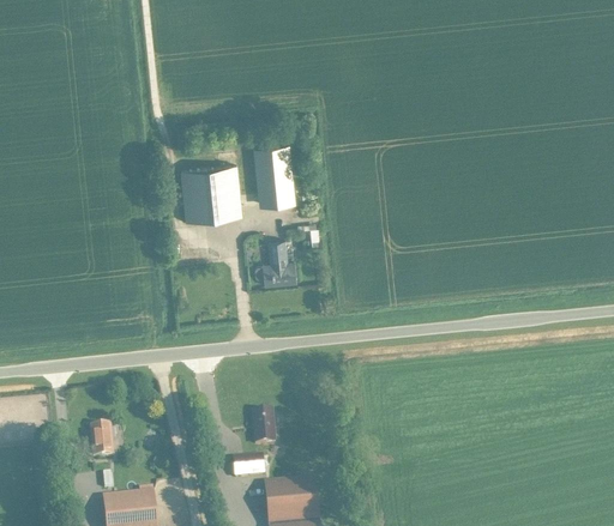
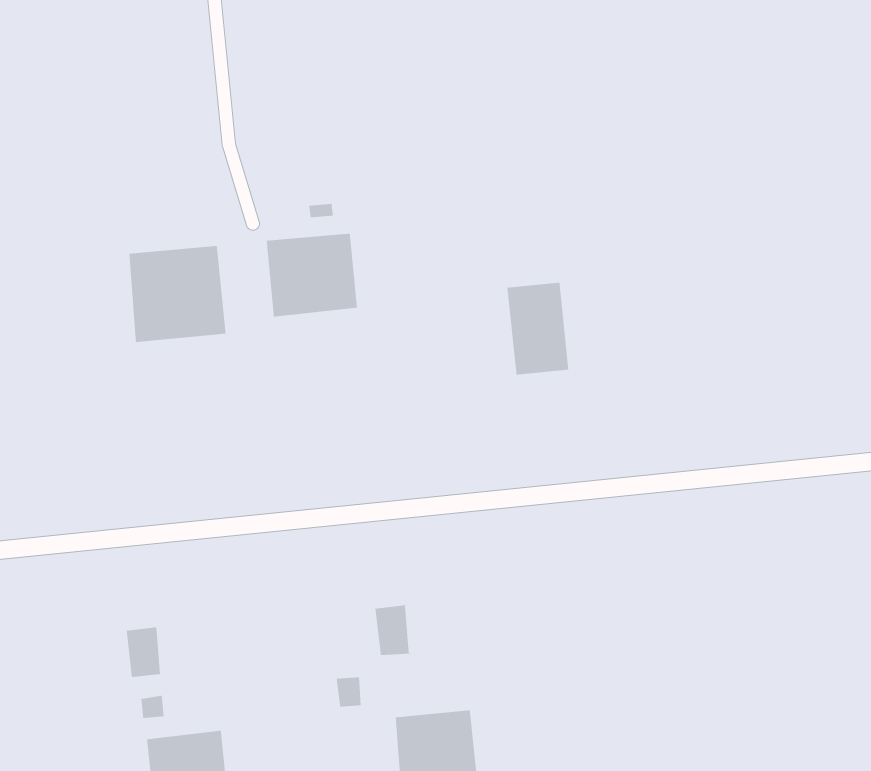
building: [254,145,295,206] -> [507,282,569,376]
building: none -> [129,245,227,343]
building: [255,242,296,288] -> none

